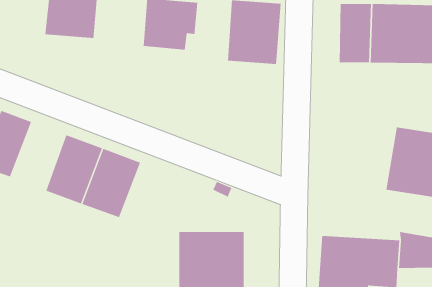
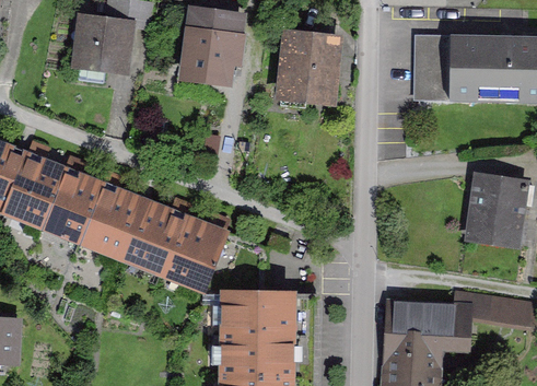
building: none -> [37,166,100,244]
building: none -> [160,212,232,293]

